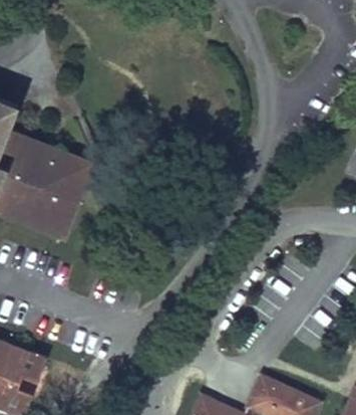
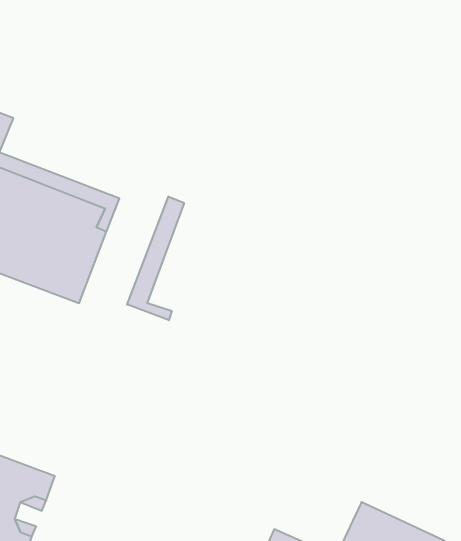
building: none -> [127,196,184,320]

